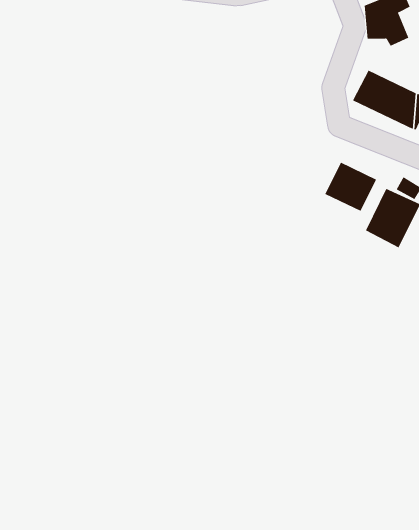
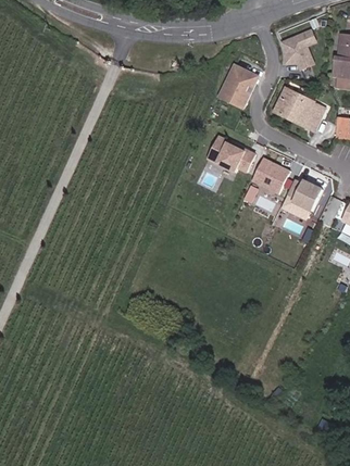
building: none -> [215,63,258,109]
building: none -> [207,135,255,174]

